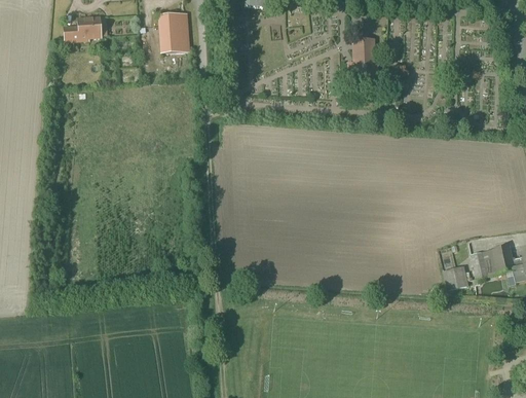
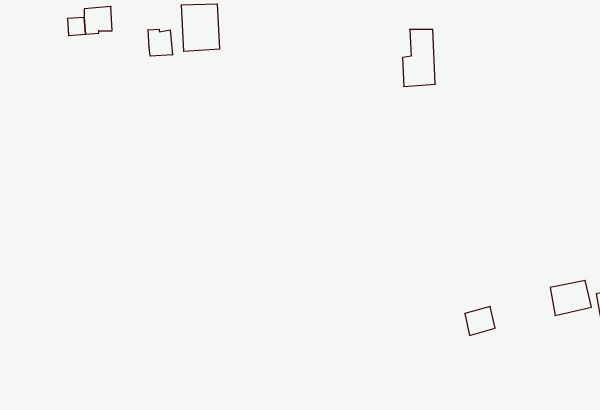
building: none -> [148,29,172,56]
building: [443,263,468,288] -> [465,306,495,335]

